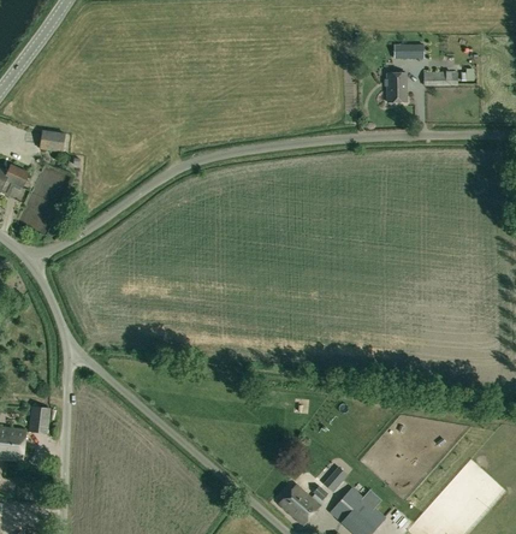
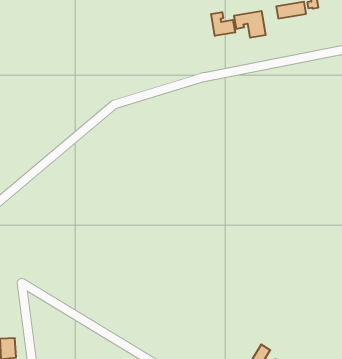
building: none -> [211,12,235,36]

